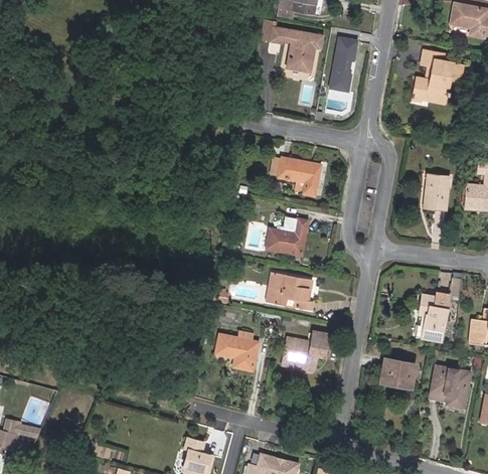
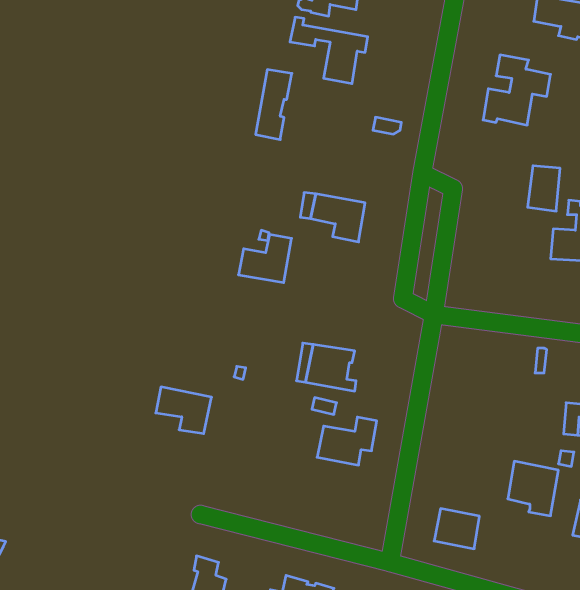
building: [329,36,357,91] -> [256,70,292,140]
building: [424,174,449,209] -> [528,166,560,211]
building: [267,217,308,255] -> [238,235,292,283]
building: [416,292,449,340] -> none
building: [215,333,259,369] -> [156,387,212,434]
building: [379,356,415,387] -> [434,509,479,549]

